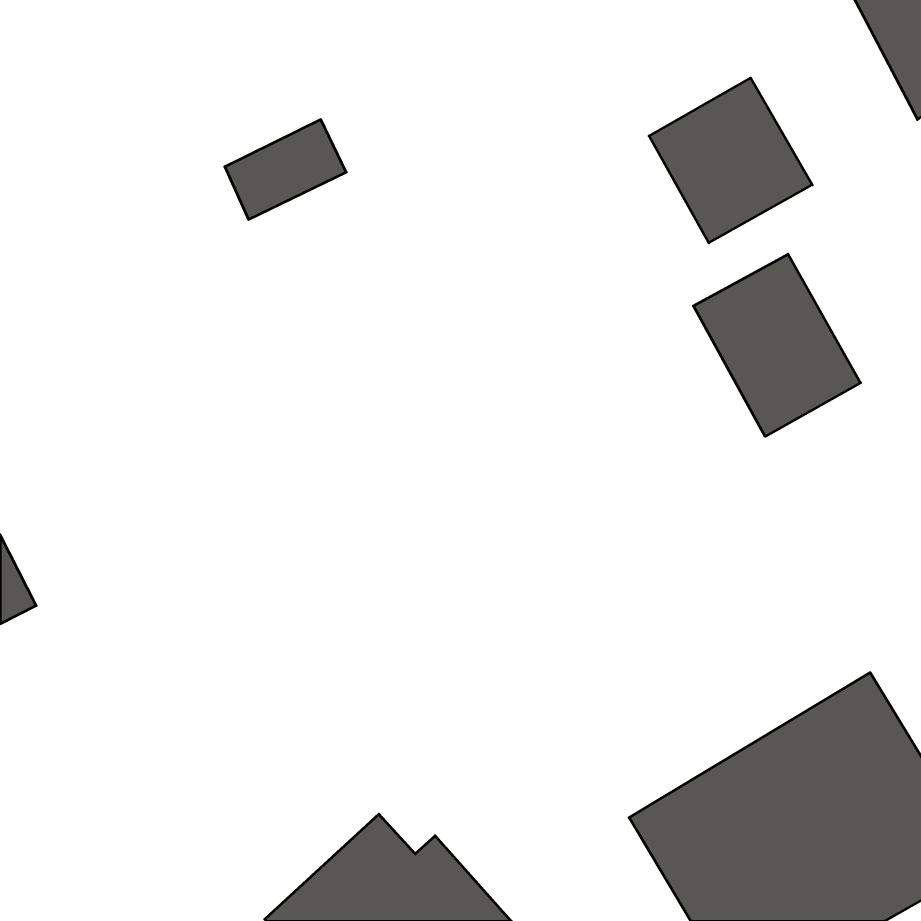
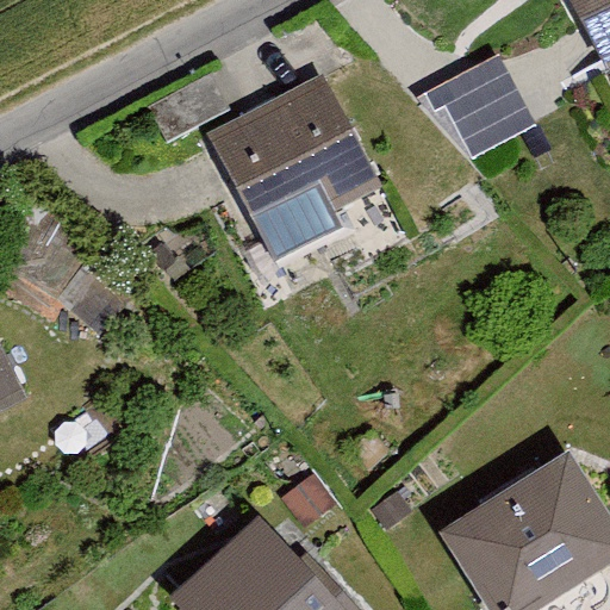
building: none -> [203,74,394,266]
building: [693,254,861,436] -> none

